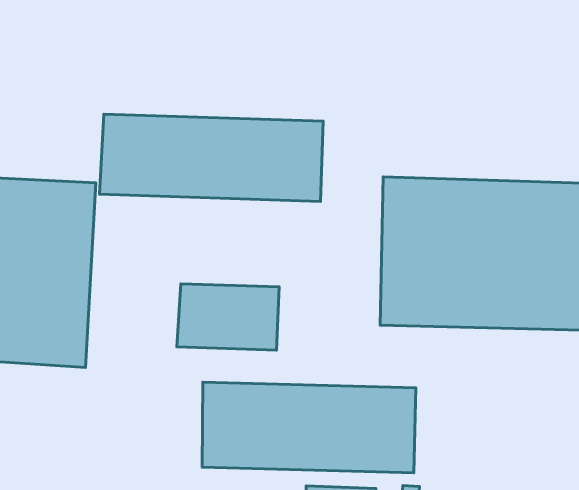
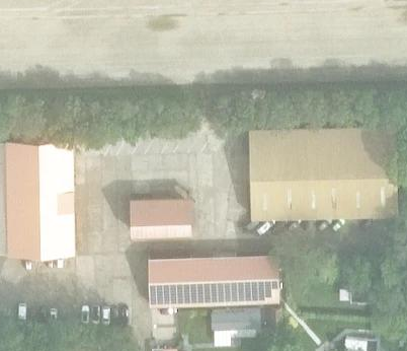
building: [100,114,323,201] -> none

